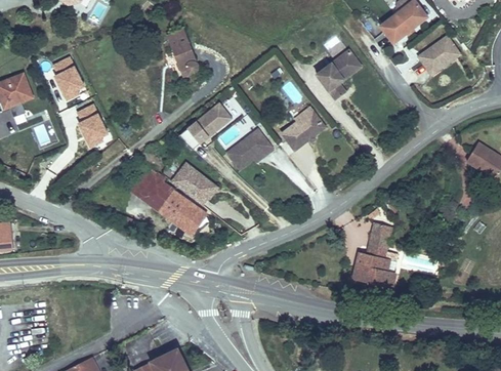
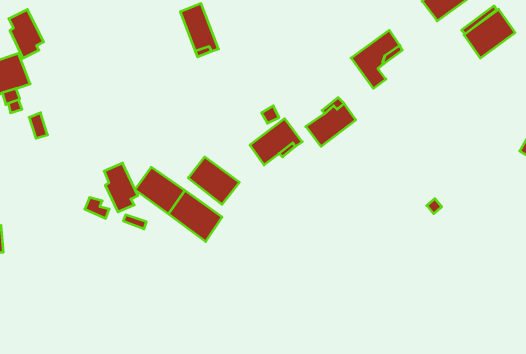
building: [53,56,84,99] -> [9,9,44,58]
building: [184,99,232,141] -> none
building: [78,104,108,147] -> [104,163,138,212]
building: [347,221,390,286] -> none

